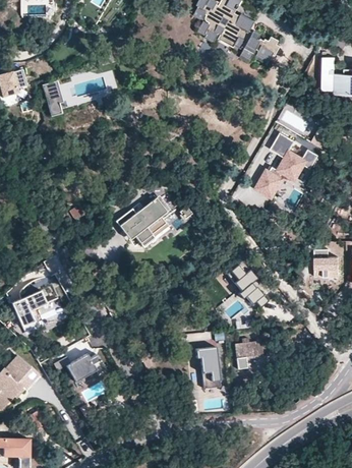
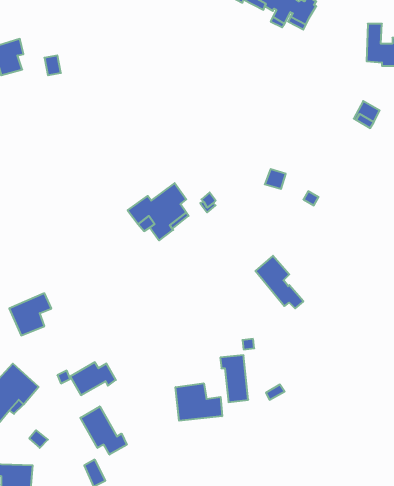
building: [255,131,318,197] -> none
building: [314,248,338,276] -> none
building: [234,338,262,368] -> none
building: none -> [176,383,222,421]
building: none -> [80,406,127,455]

